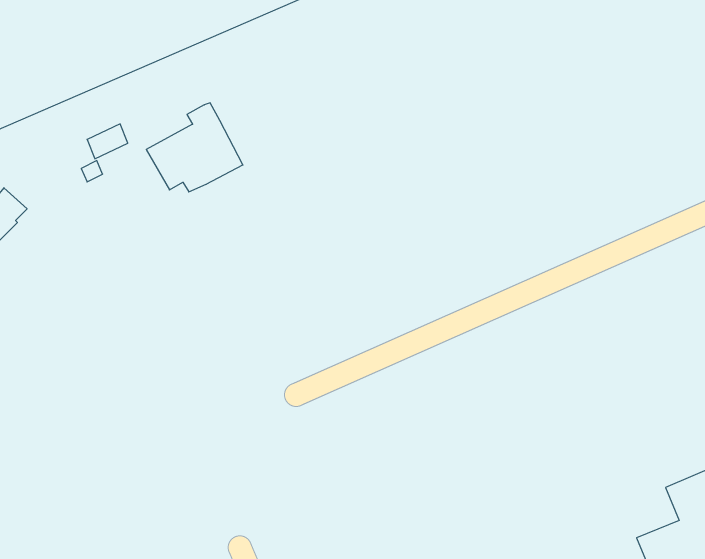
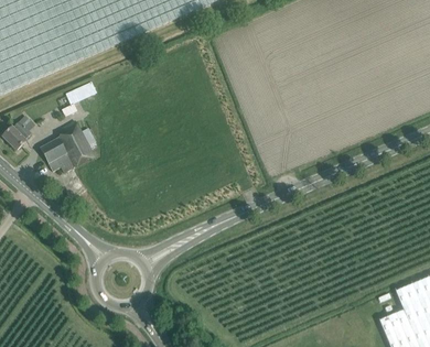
building: [146,103,243,192] -> [40,120,95,171]

